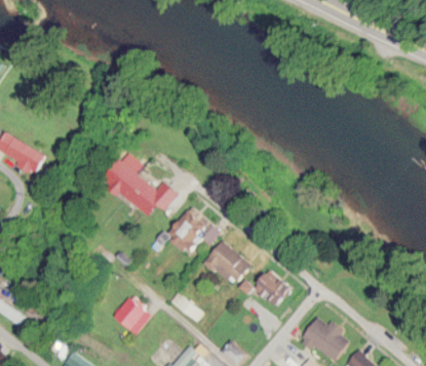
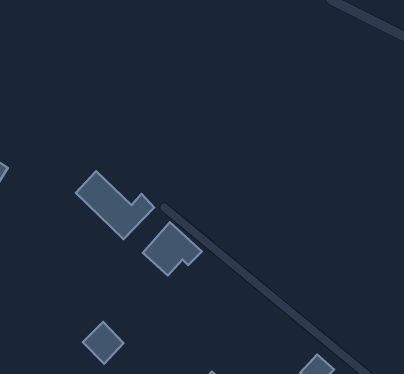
building: [203,240,249,285] -> none
building: [240,271,291,304] -> none

